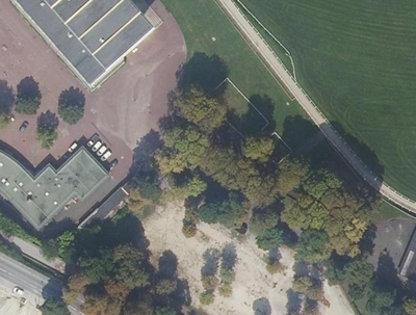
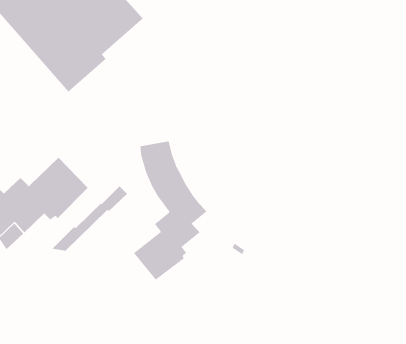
building: none -> [133,141,207,280]

